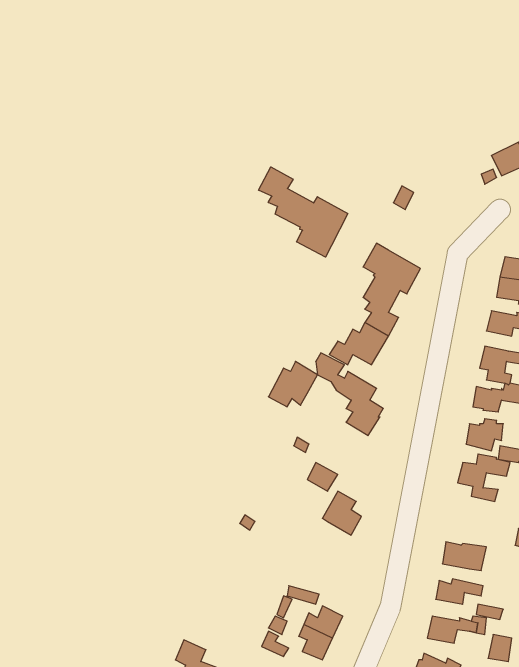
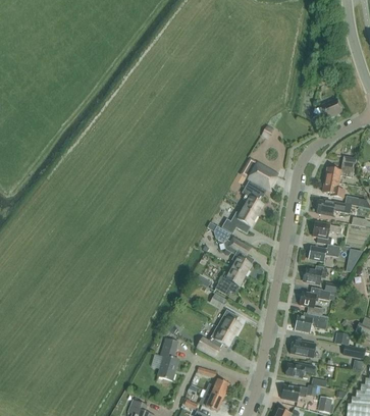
building: [259,167,348,257] -> none
building: [268,361,317,407] -> [215,267,245,295]
building: none -> [295,312,327,331]
building: none -> [197,327,234,356]
building: none -> [157,337,178,380]

